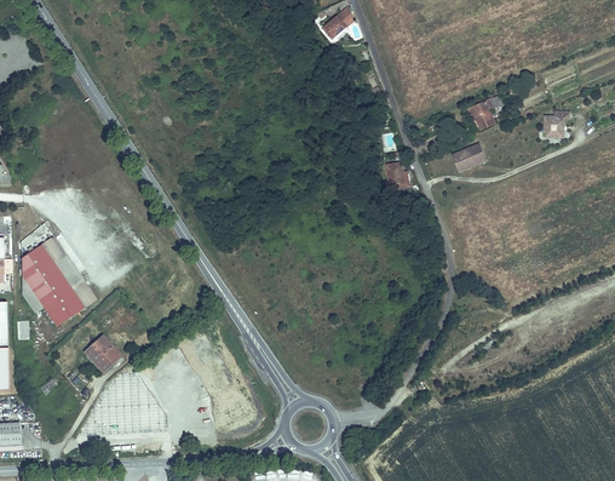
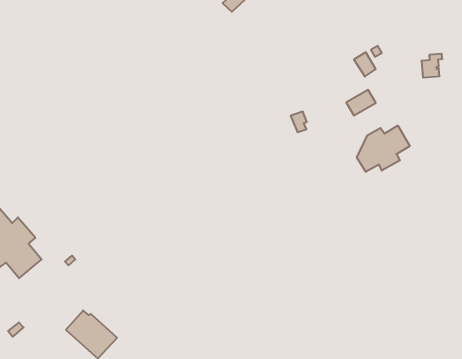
building: none -> [357,126,410,172]
building: [84,337,119,372] -> none

